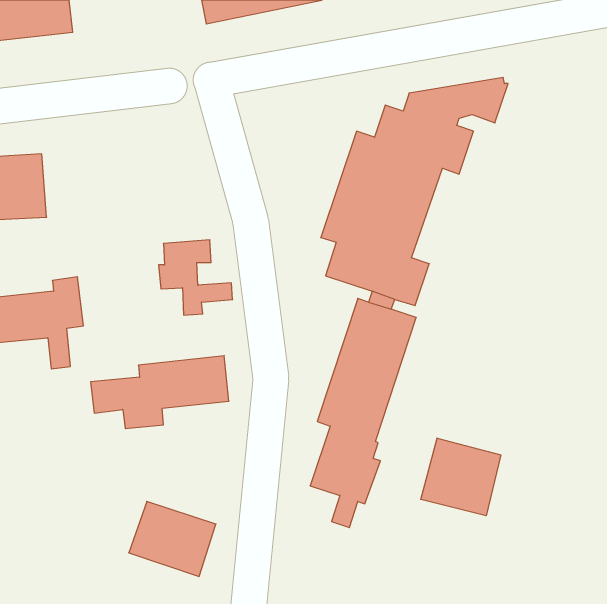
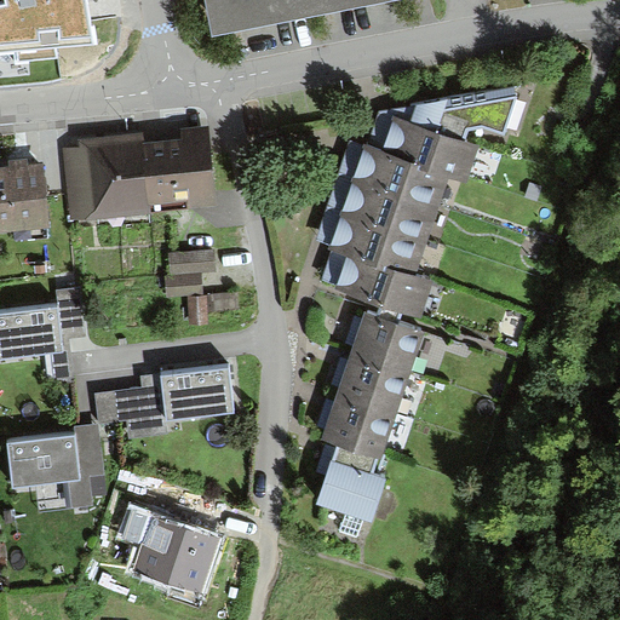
building: none -> [61,125,216,222]
building: none -> [5,425,103,510]
building: [421,438,501,516] -> none

